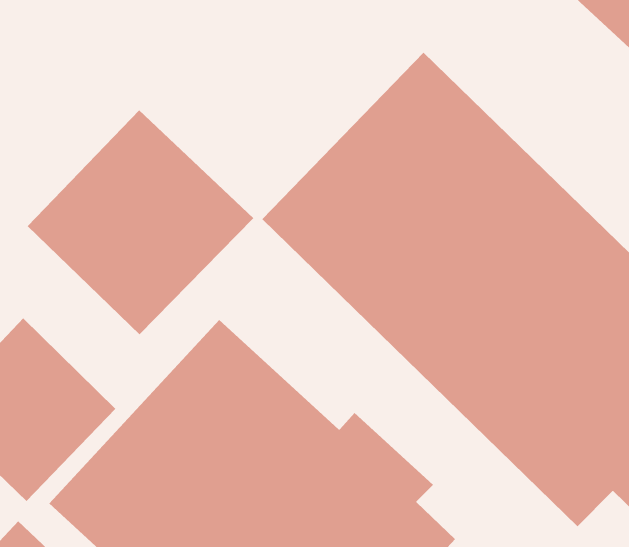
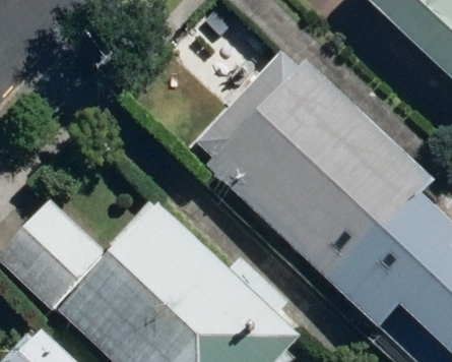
building: [27,109,254,335] -> none

